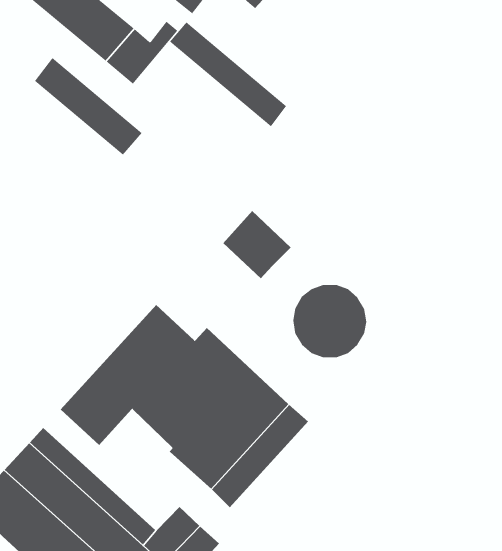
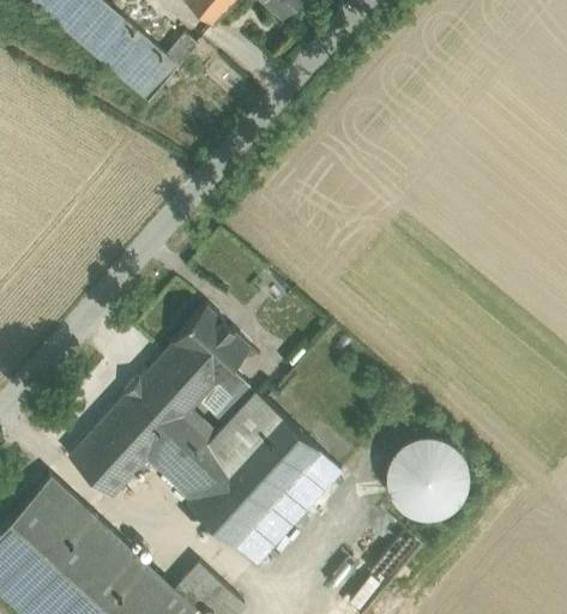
building: [169,22,287,127] -> none
building: [34,57,142,156] -> none
building: [222,210,292,279] -> [174,307,249,383]
building: [292,284,367,358] -> [386,438,468,518]

